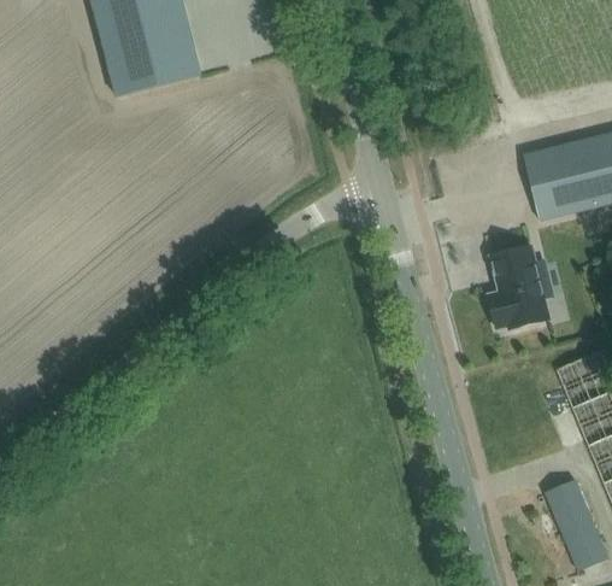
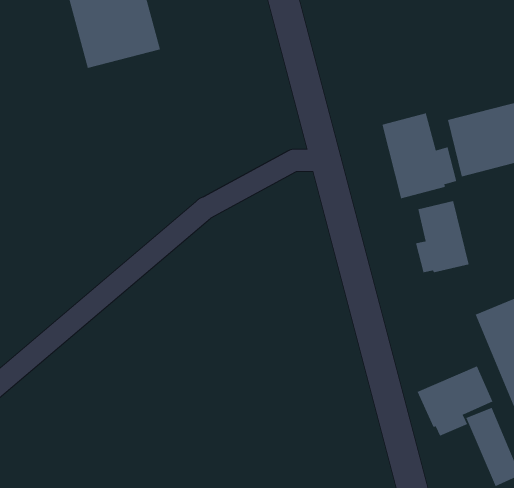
building: none -> [382,113,457,199]
building: none -> [417,366,493,437]

